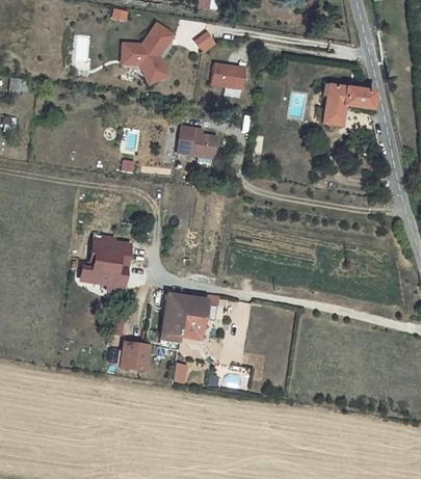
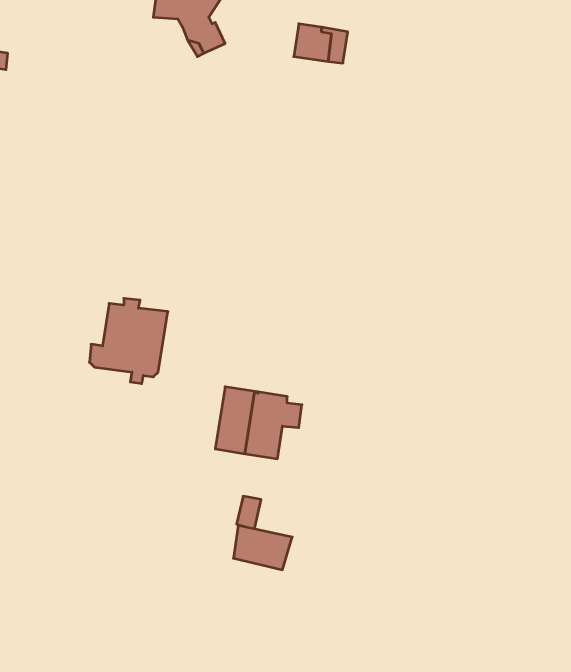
building: [323,84,374,126] -> none
building: [178,127,216,158] -> none
building: [122,343,159,371] -> [233,526,292,570]

